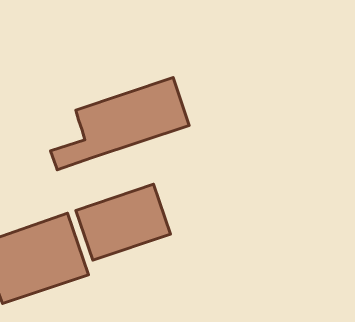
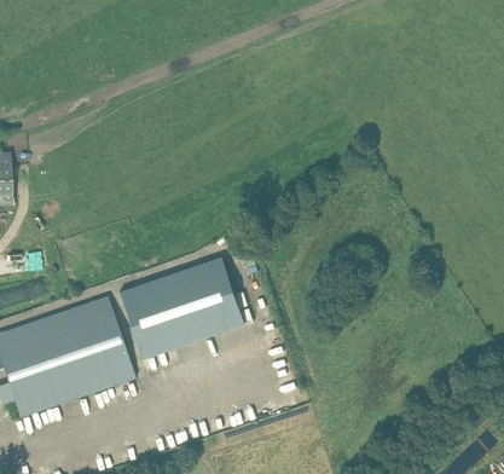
building: [51,77,189,170] -> none

